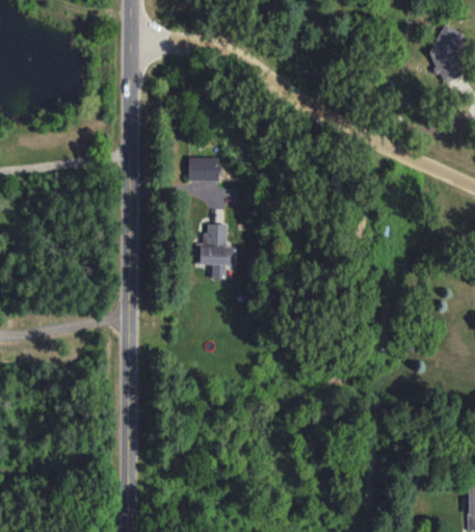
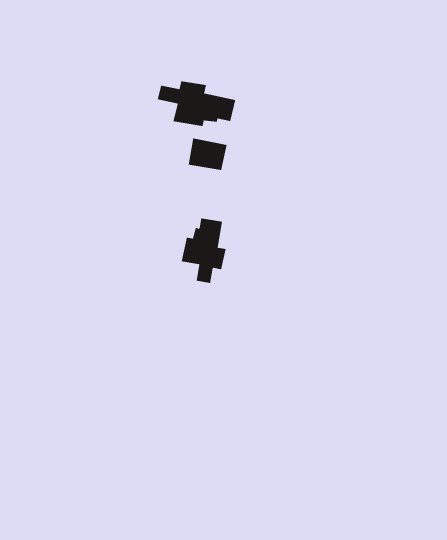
building: none -> [157,80,236,127]

